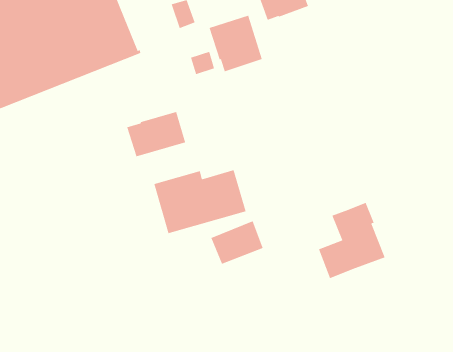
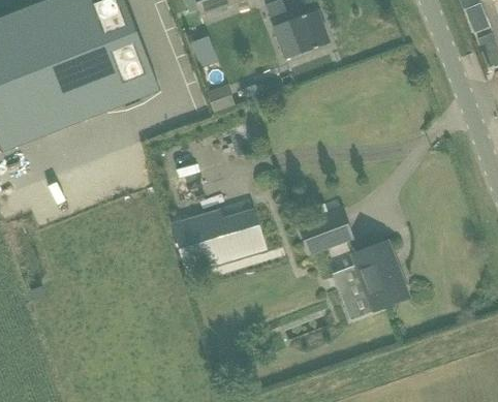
building: [209,15,263,72] -> none
building: [127,111,186,157] -> none
building: [210,221,264,264] -> [299,209,352,253]

